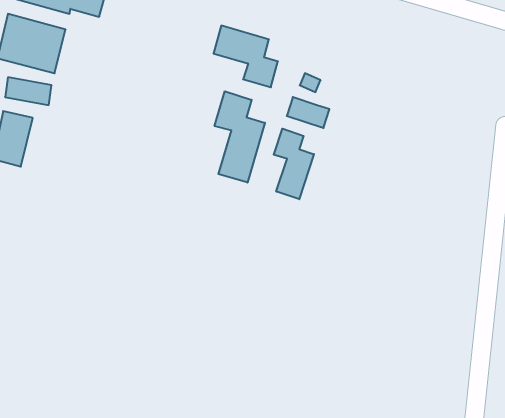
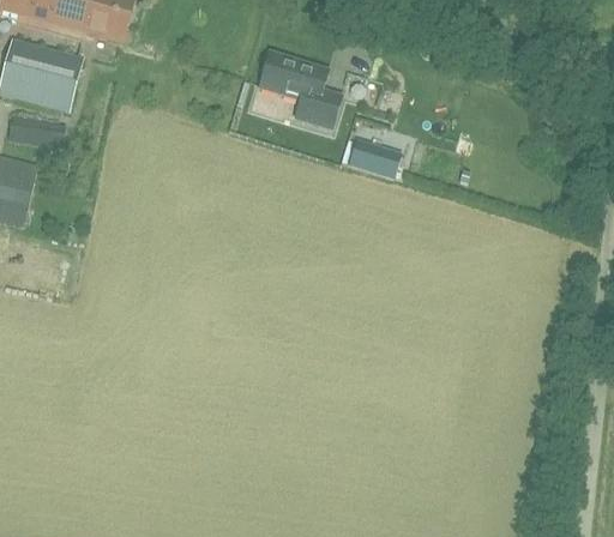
building: [215,91,265,183] -> none
building: [274,129,314,199] -> none

